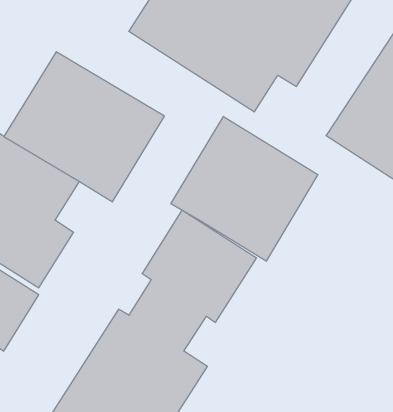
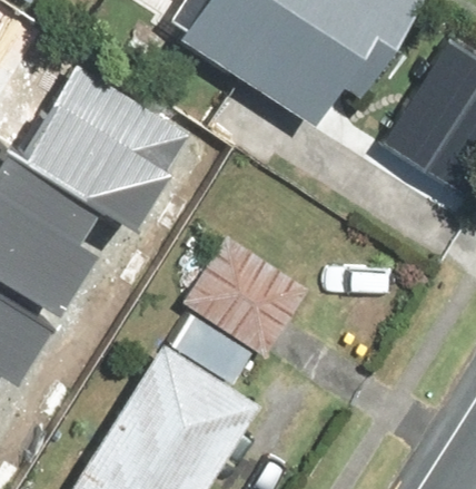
building: [171,116,318,261] -> none

